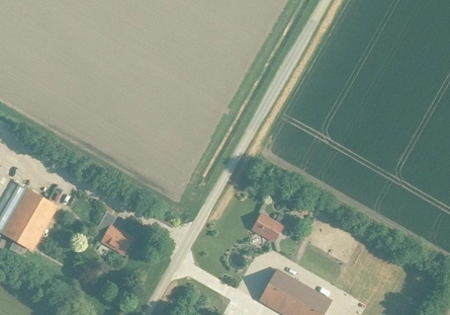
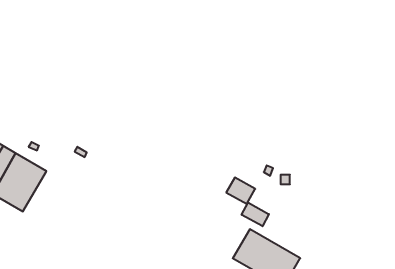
building: [101,226,132,254] -> none
building: none -> [242,203,269,226]

